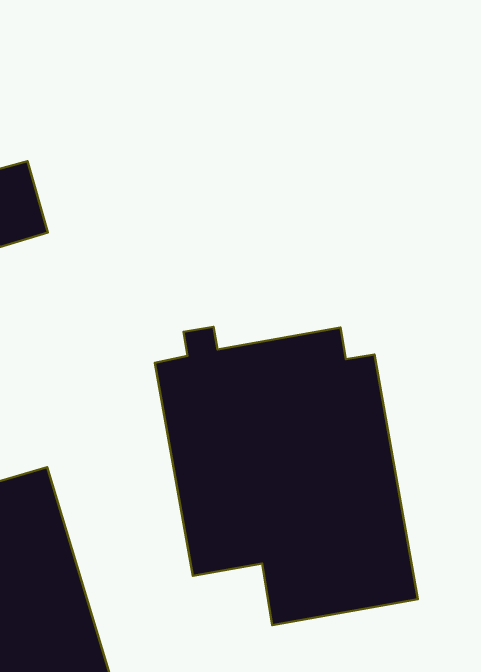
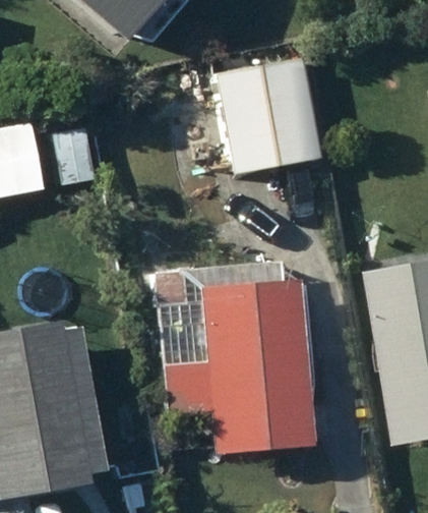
building: none -> [219,59,319,172]

